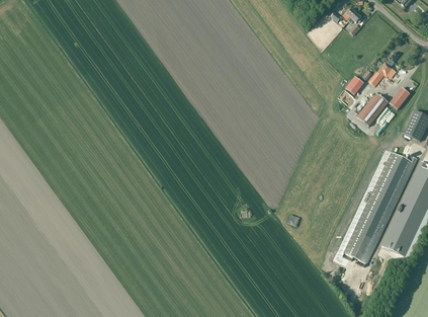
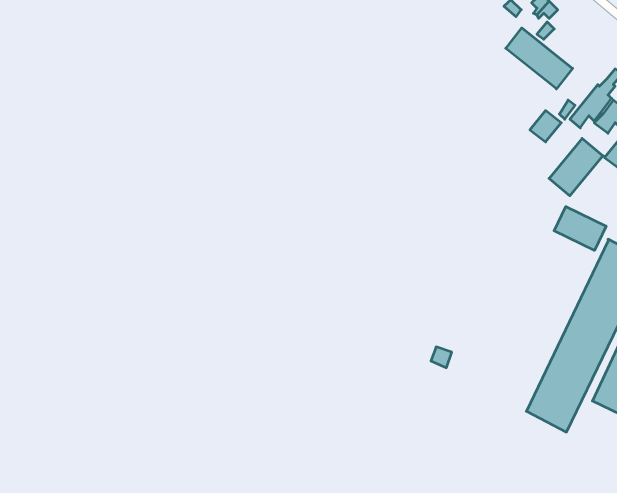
building: none -> [506,28,573,89]
building: none -> [554,207,606,250]

